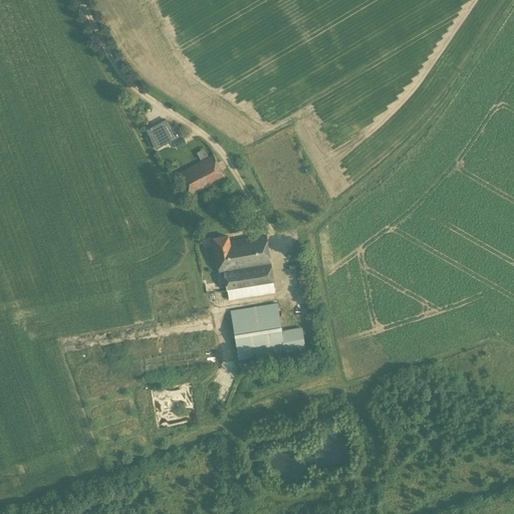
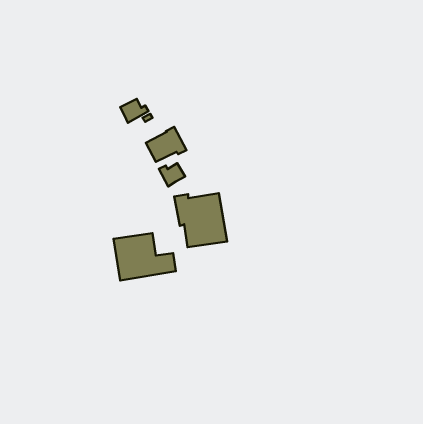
building: none -> [159,163,185,186]
building: [229,303,304,360] -> [113,233,176,280]

